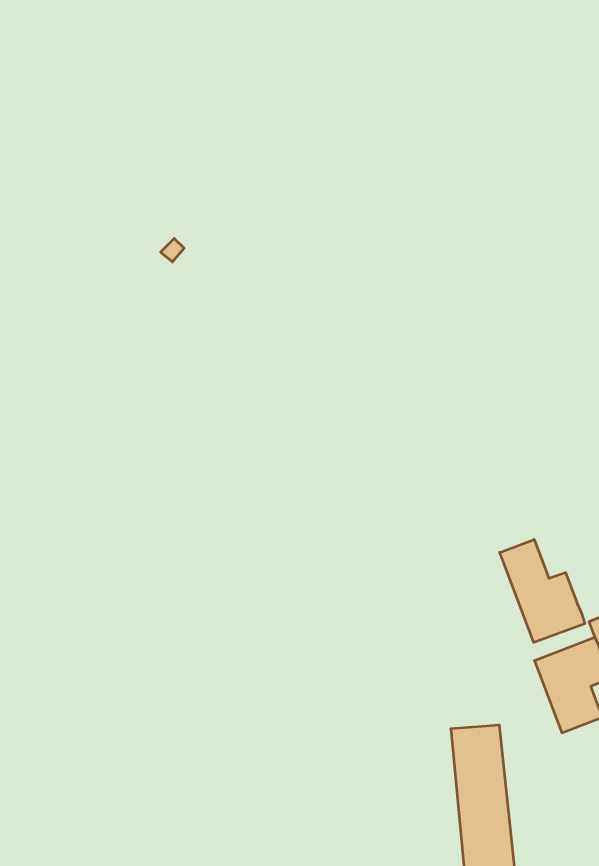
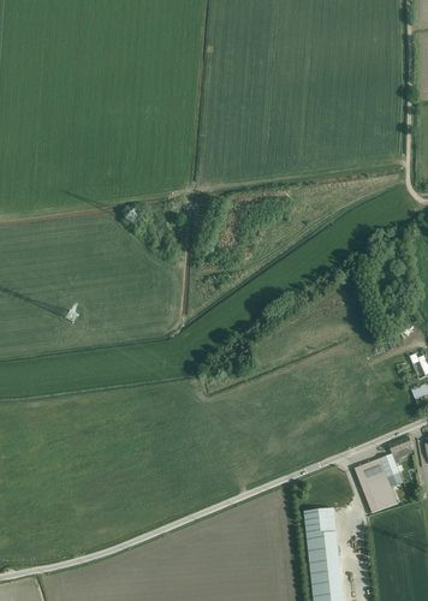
building: [500,539,585,642] -> none

